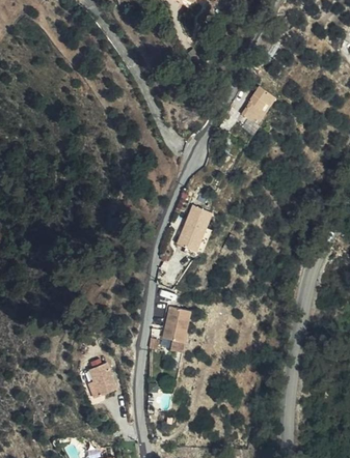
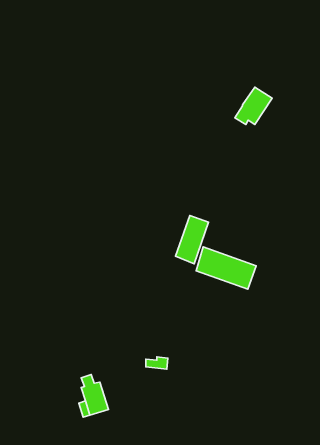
building: none -> [196,247,256,289]
building: [165,307,194,344] -> none

